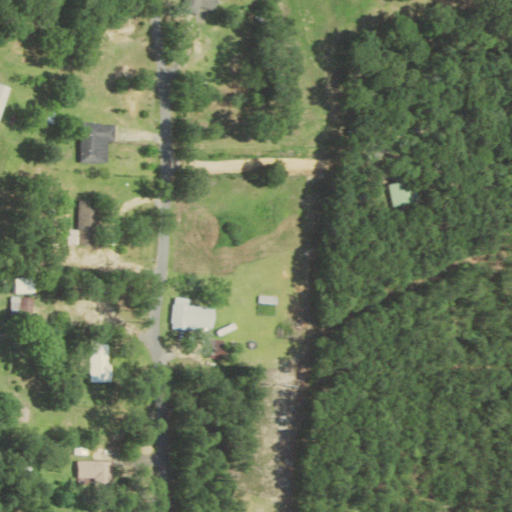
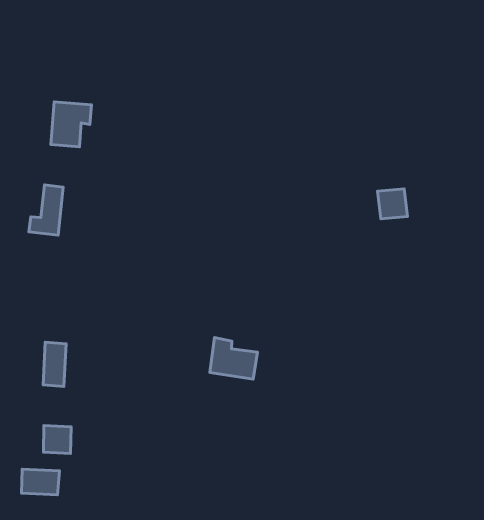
building: [172,296,214,331] -> [210,338,258,379]
building: none -> [43,425,71,453]

